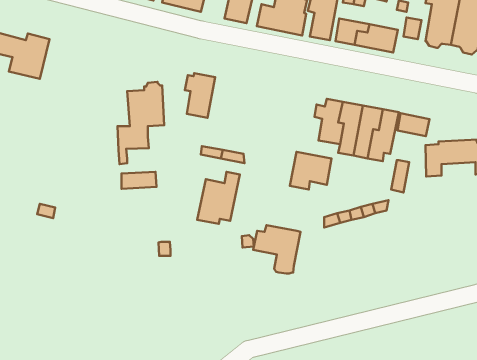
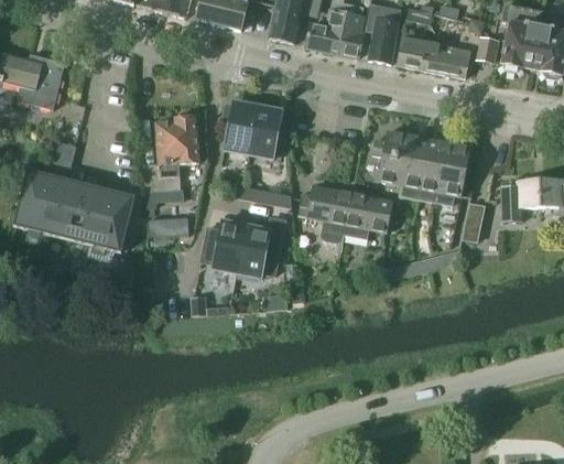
building: none -> [249,106,284,158]
building: none -> [14,139,133,251]
building: [398,113,429,136] -> none
building: none -> [202,220,247,272]
building: [253,225,301,274] -> [297,185,352,241]

